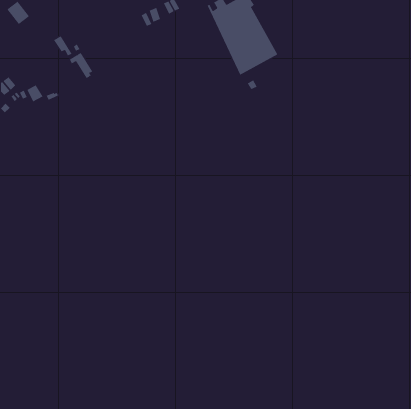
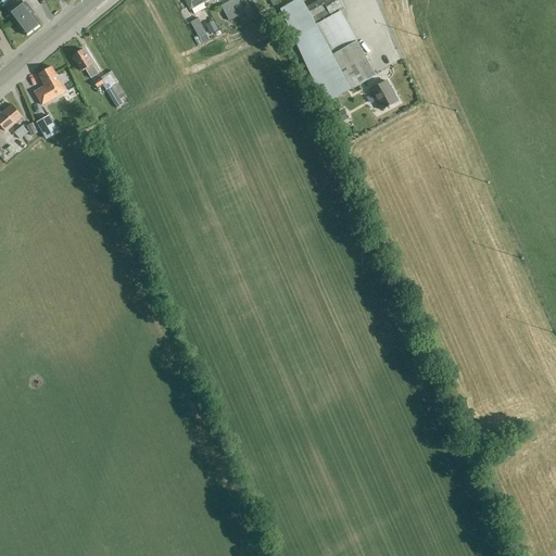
building: none -> [35,65,66,103]
building: none -> [370,79,397,109]

